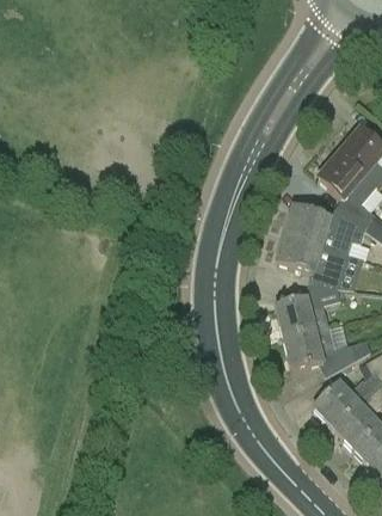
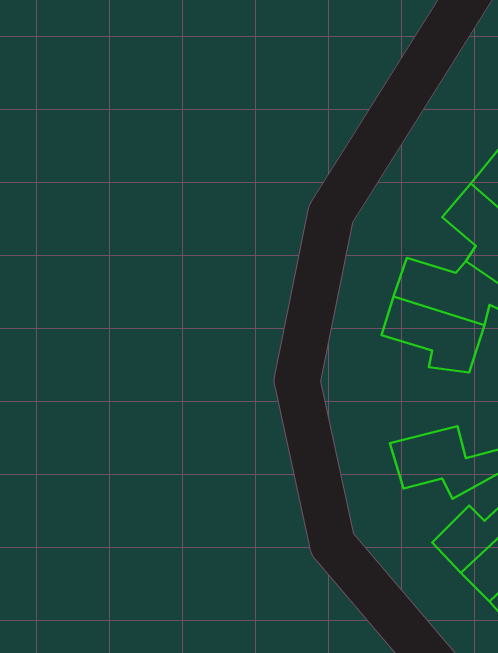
building: [275,283,343,337] -> none

